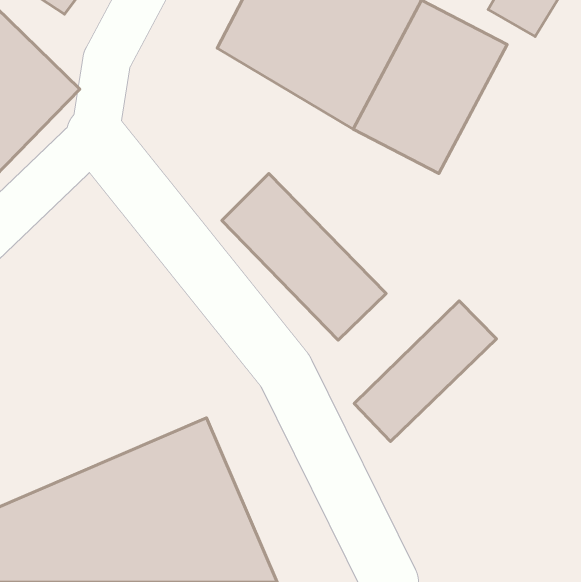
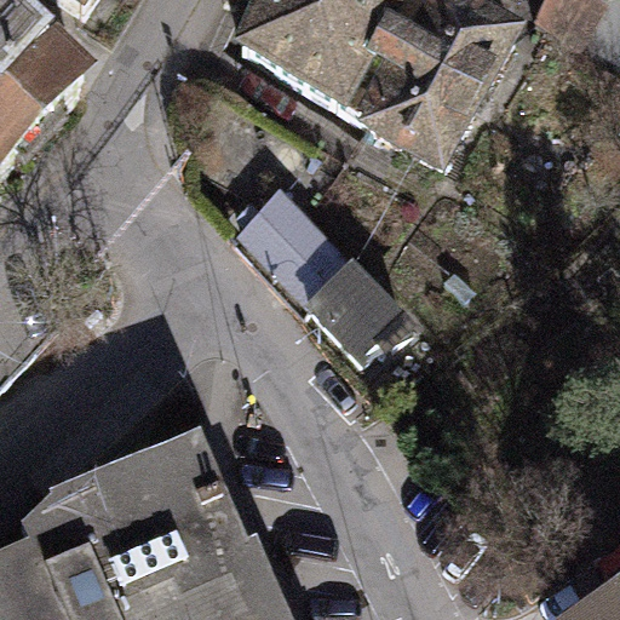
building: [354,301,496,442] -> none

